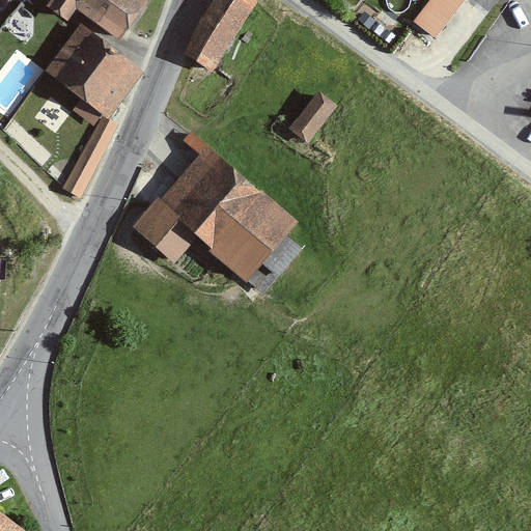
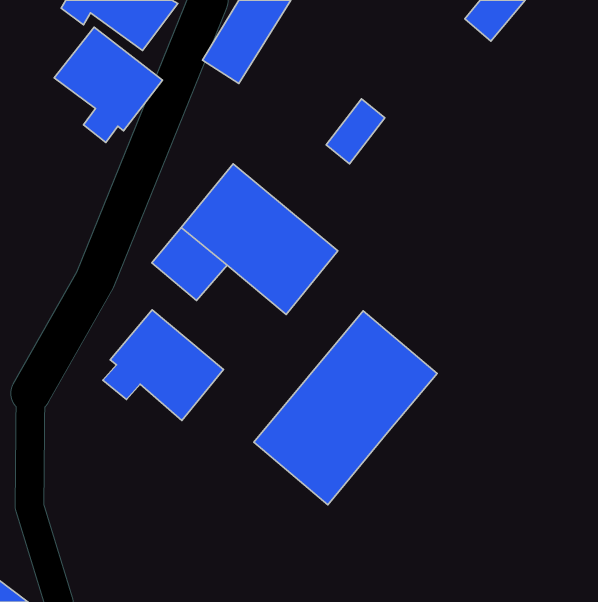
building: [58,117,115,200] -> none
building: none -> [103,310,224,420]
building: none -> [254,311,437,505]

